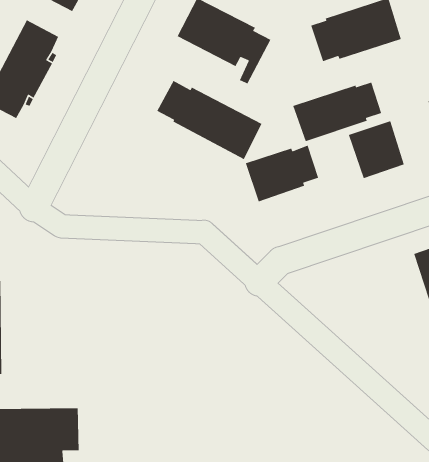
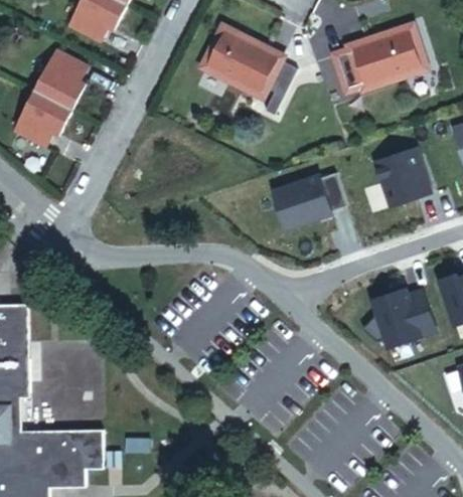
building: [156,80,263,160] -> none
building: [292,82,382,142] -> none
building: none -> [360,290,434,348]

